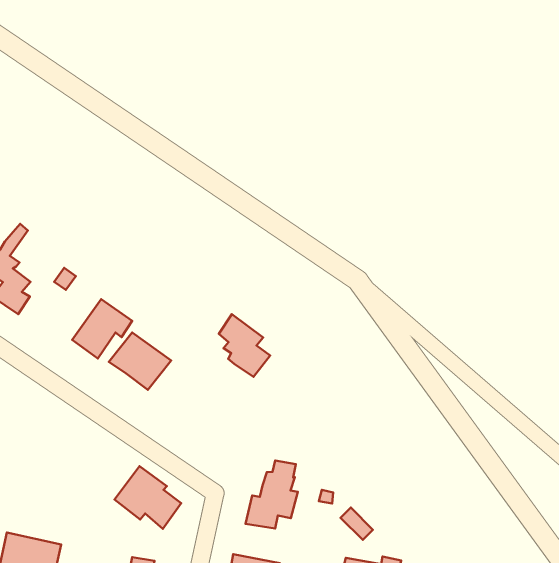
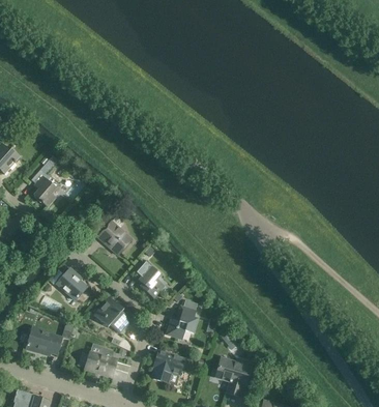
building: [72,299,132,358] -> none
building: [219,314,270,377] -> [136,260,164,296]
building: none -> [56,267,86,299]

